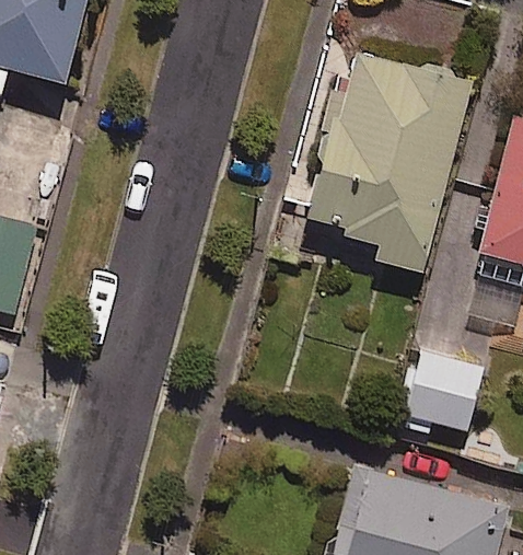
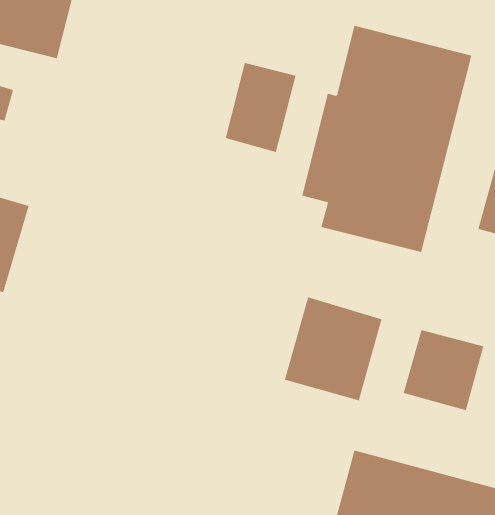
building: none -> [225,62,296,153]
building: none -> [284,297,382,401]

